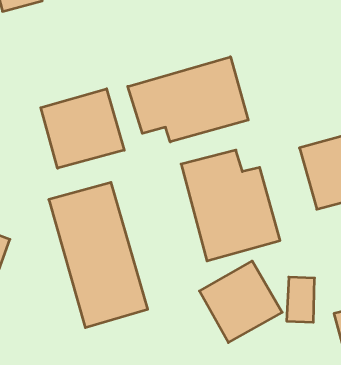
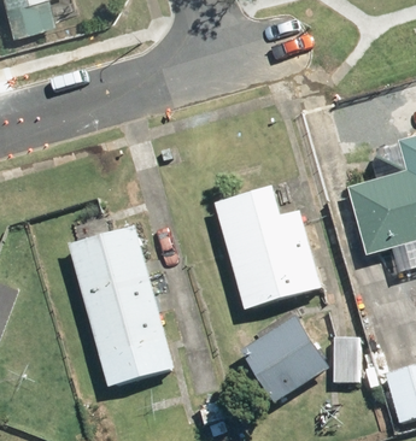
building: [128,57,248,142] -> none
building: [41,89,124,168] -> none

